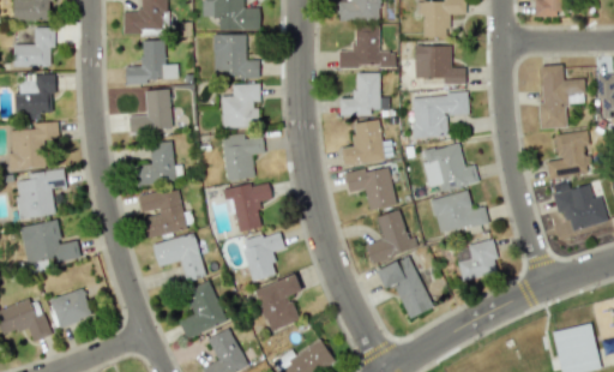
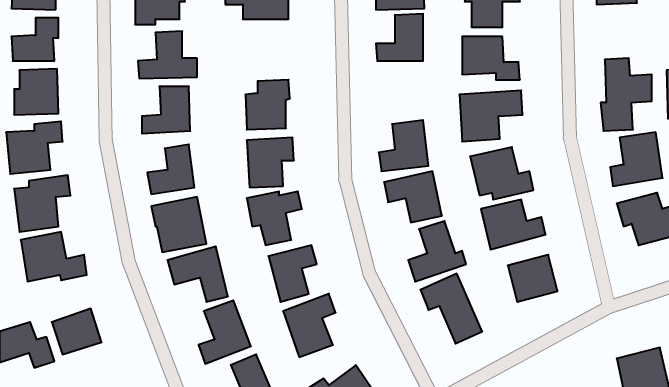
building: [215,34,260,77] -> none
building: [339,72,380,114] -> none

